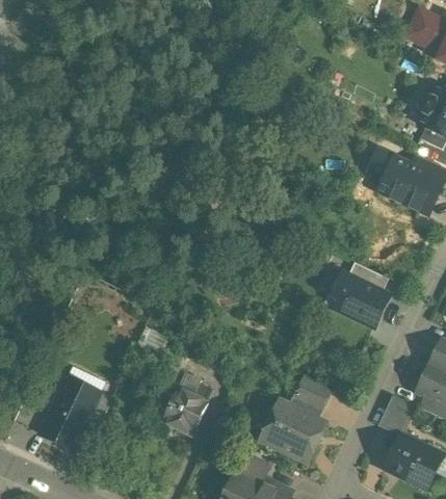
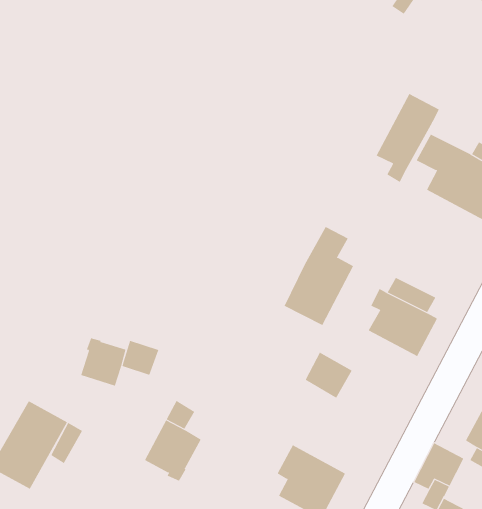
building: none -> [376,93,440,183]
building: none -> [284,226,354,326]
building: none -> [81,337,126,387]
building: [293,375,331,412] -> [305,352,352,398]

